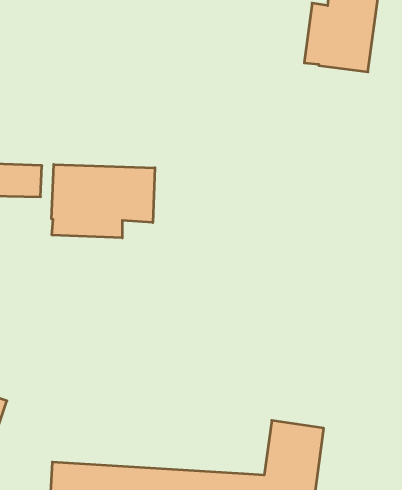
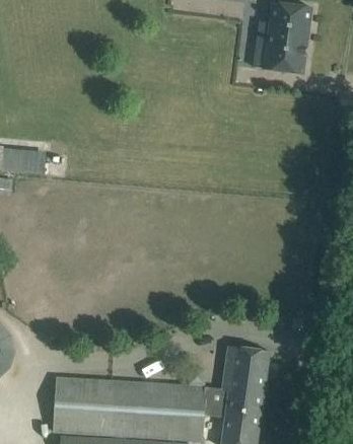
building: [52,164,155,238] -> none

